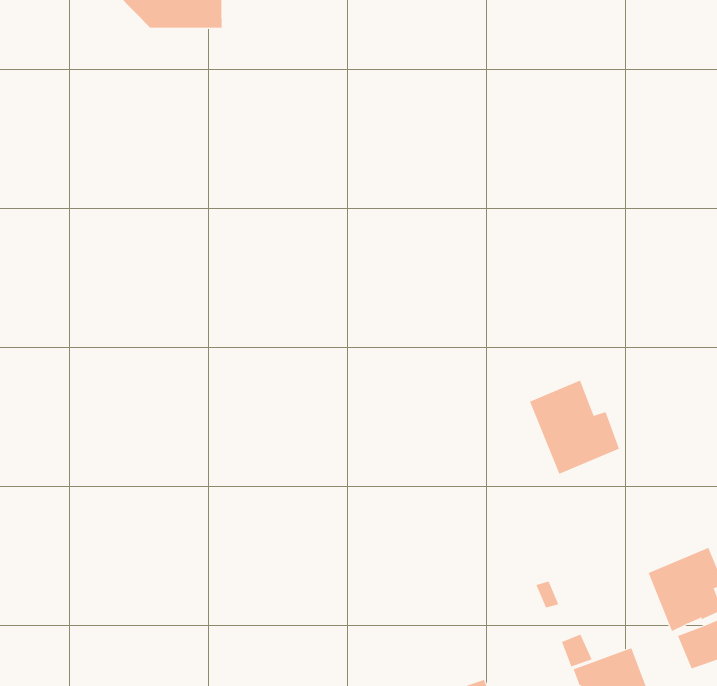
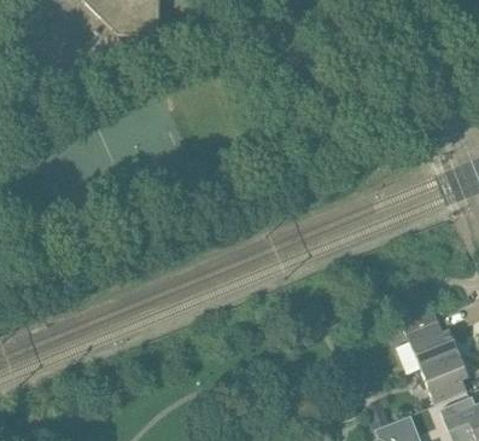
building: [529,380,620,474] -> [402,311,457,369]

